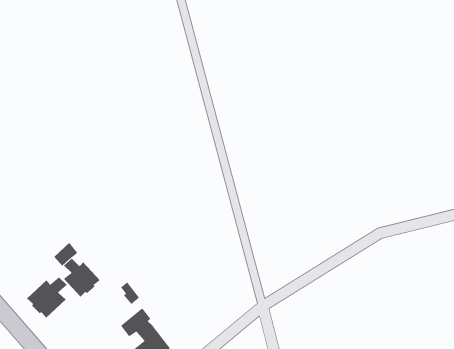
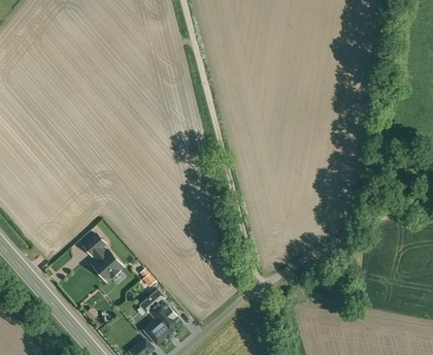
building: [26,276,68,319] -> none

